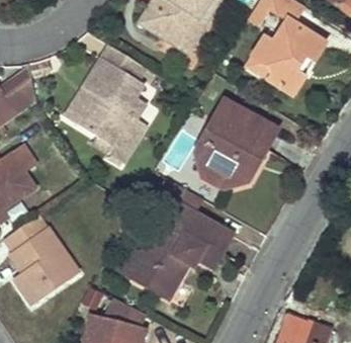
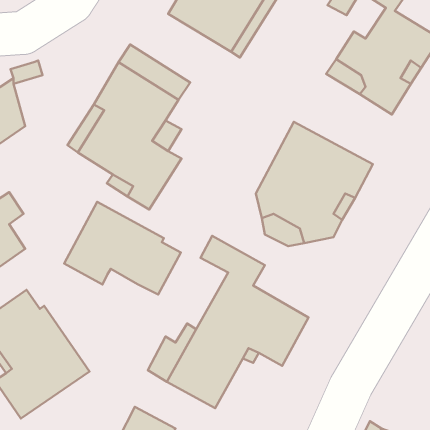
building: none -> [64,202,181,295]

